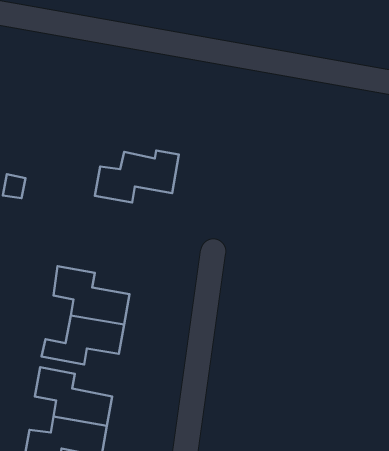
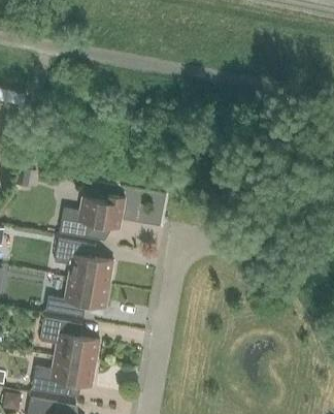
building: [95,151,179,203] -> [59,196,124,236]

